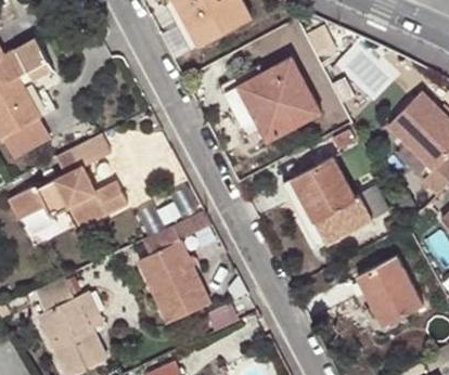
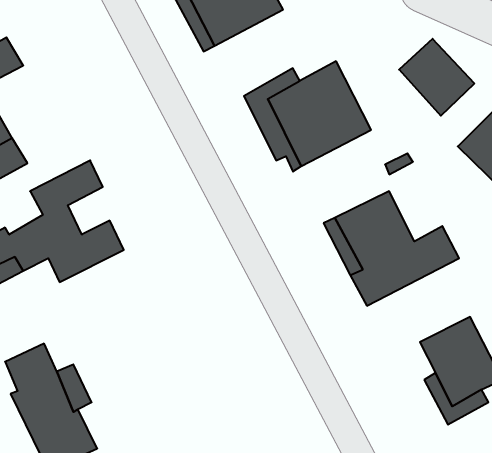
building: [137,225,209,323] -> none

